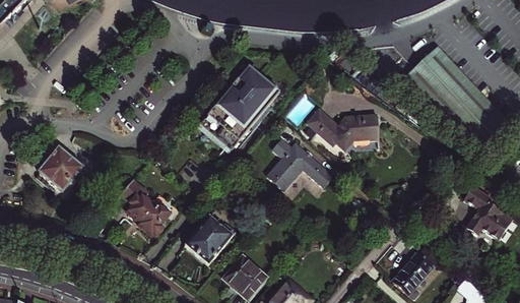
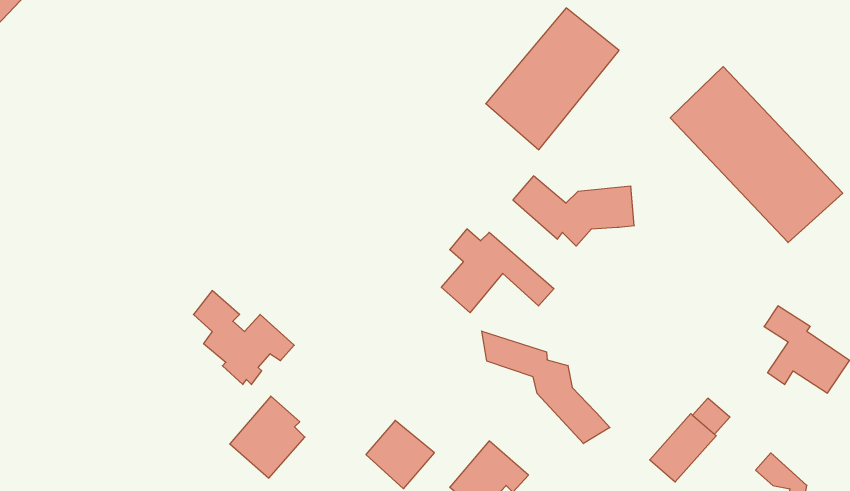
building: [200,64,279,148] -> [486,8,619,150]
building: [39,148,82,191] -> none
building: none -> [482,331,610,444]
building: [186,217,231,265] -> [230,396,305,478]

